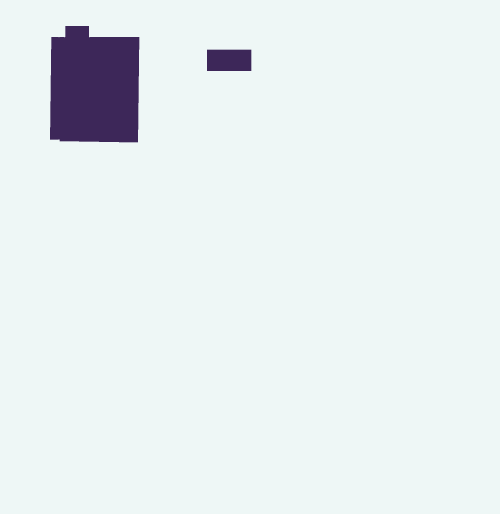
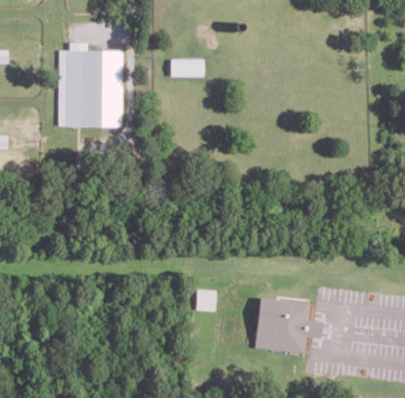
building: none -> [196,290,216,311]
building: none -> [255,299,323,354]

